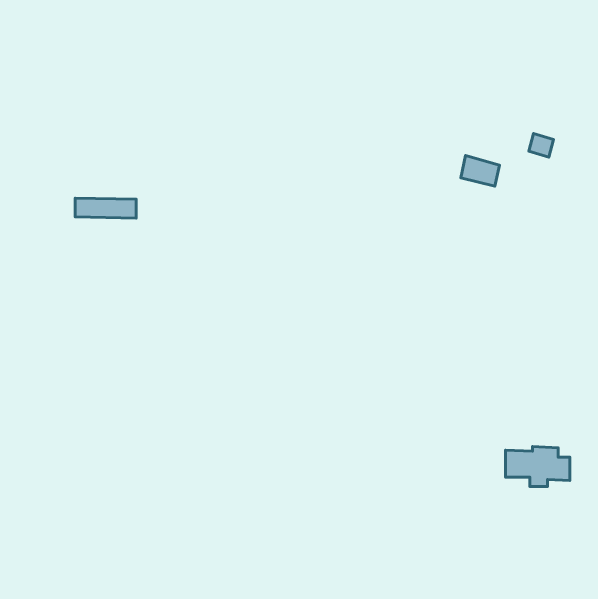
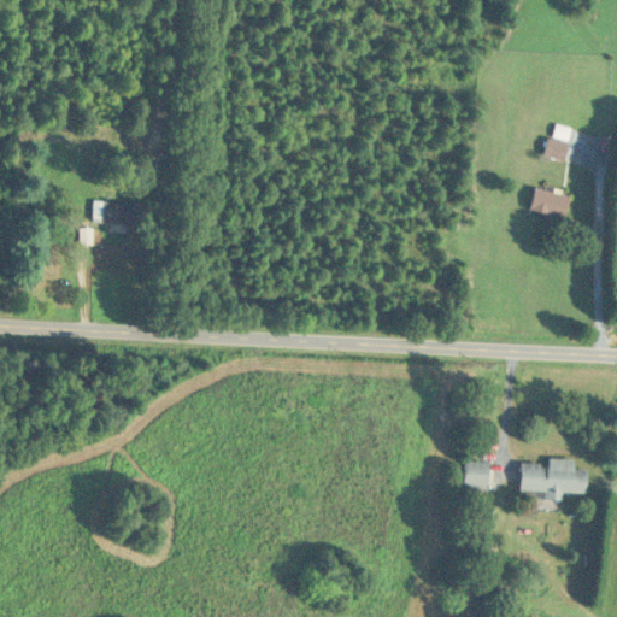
building: [461,156,500,186] -> [530,188,570,219]
building: none -> [464,462,489,492]

